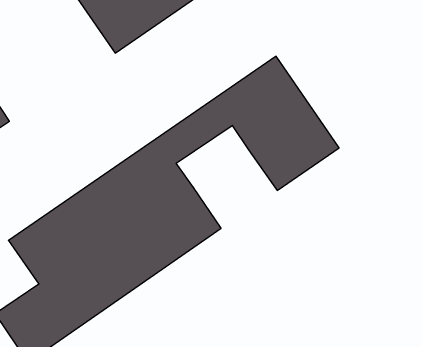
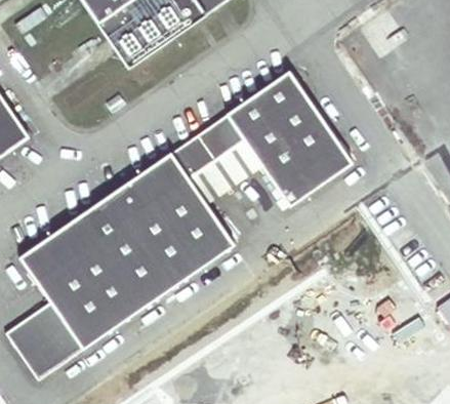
building: none -> [189,139,261,202]

